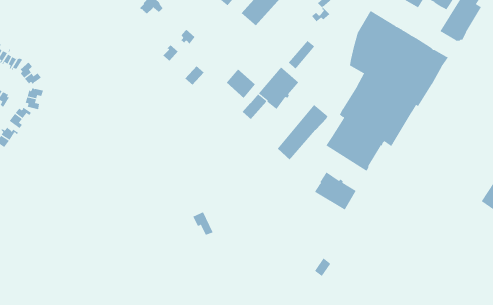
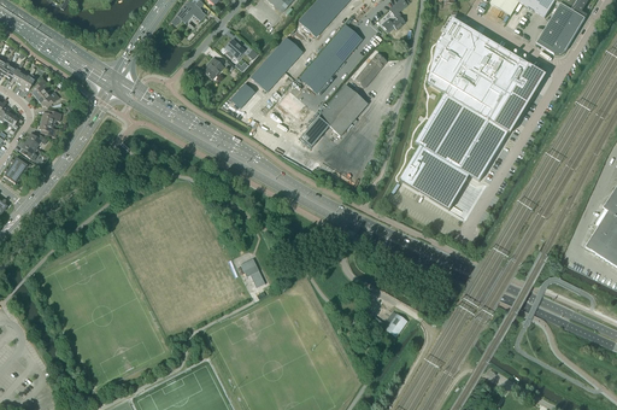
building: none -> [251,37,302,92]
building: [277,104,328,161] -> [300,24,362,92]
building: [314,172,356,211] -> none

